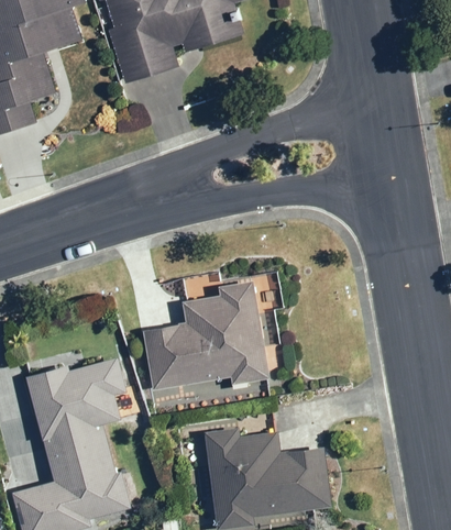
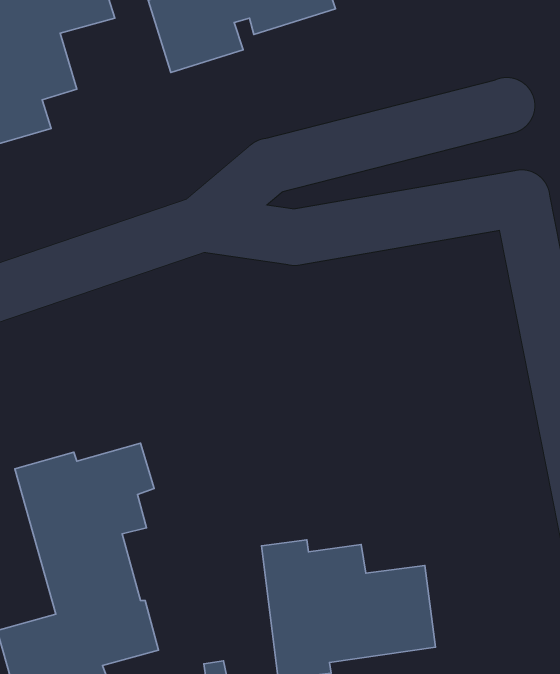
building: [141,279,267,389] -> none

